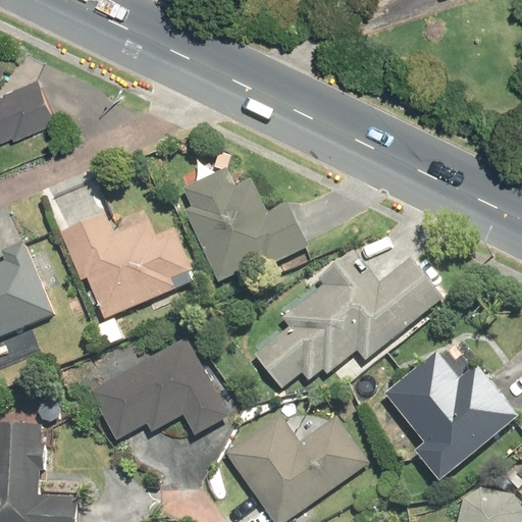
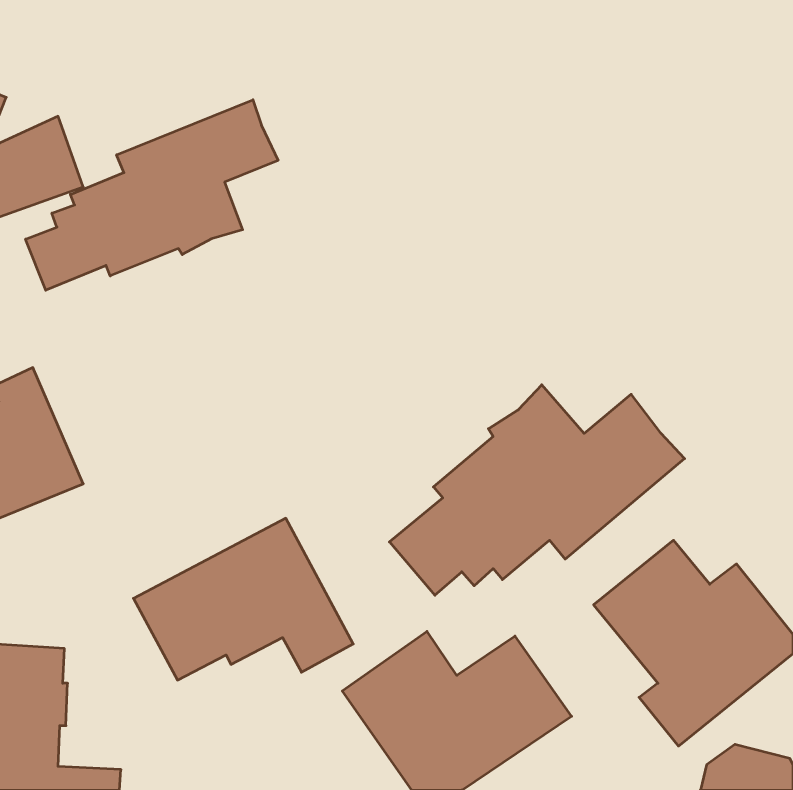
building: none -> [26,100,278,290]
building: [181,165,309,282] -> none
building: [60,212,193,318] -> none

